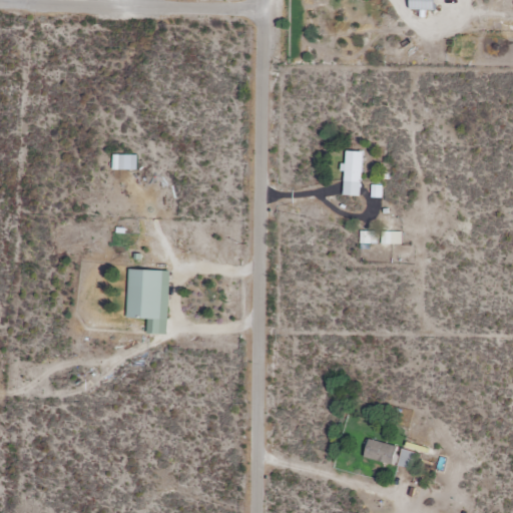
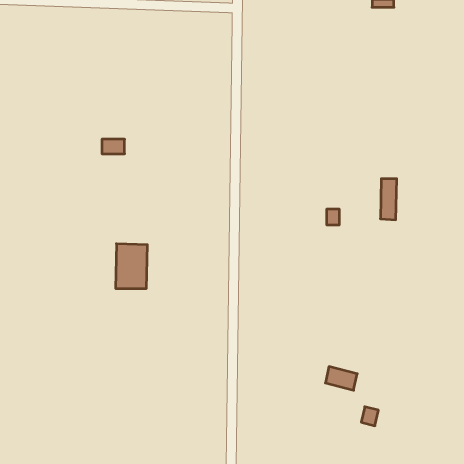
building: [344,150,362,195] -> [380,179,397,220]
building: [362,438,397,464] -> [325,367,357,390]

